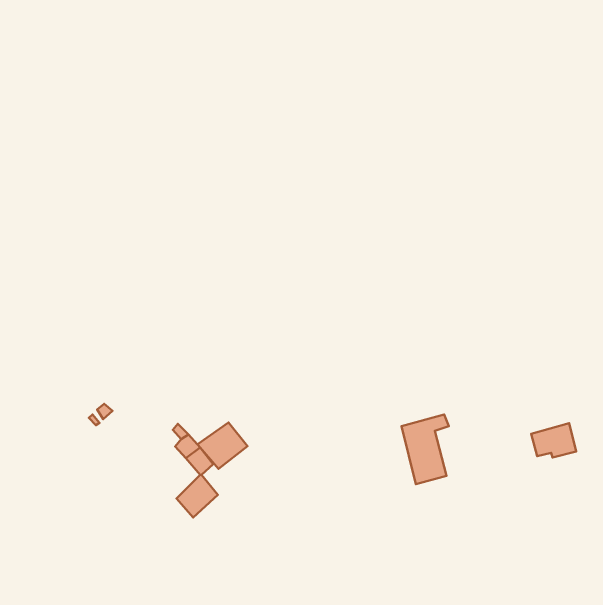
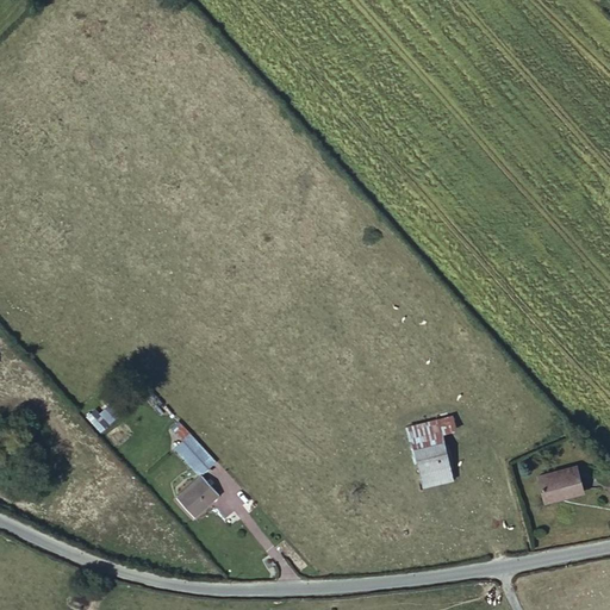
building: [198,423,247,469] -> none
building: [531,423,576,457] -> [540,465,585,499]

